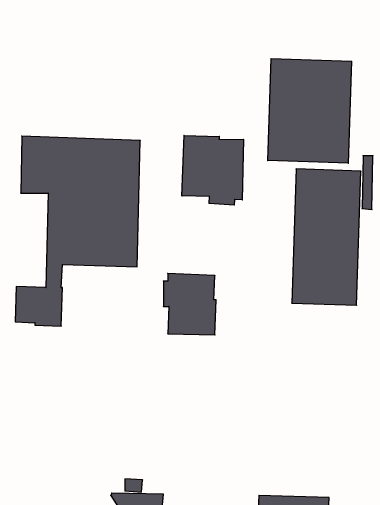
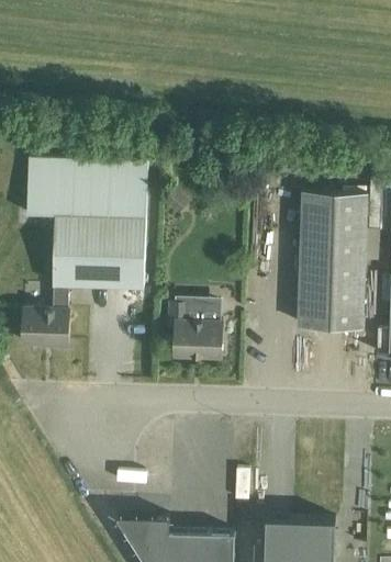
building: [268,59,352,163] -> none
building: [182,135,243,205] -> none

